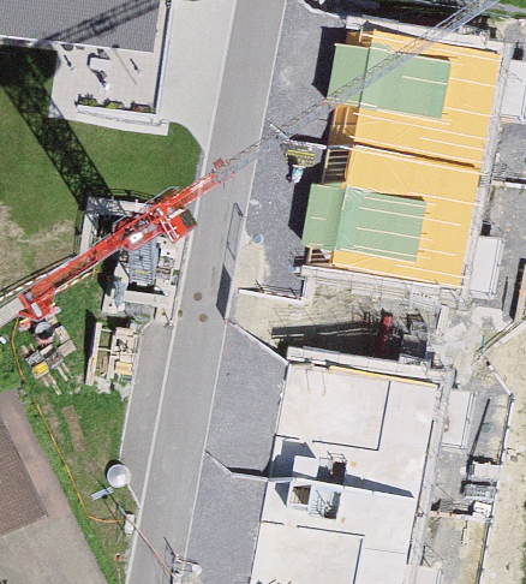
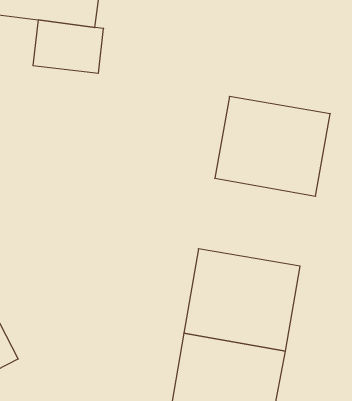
building: [337,29,498,171] -> none

